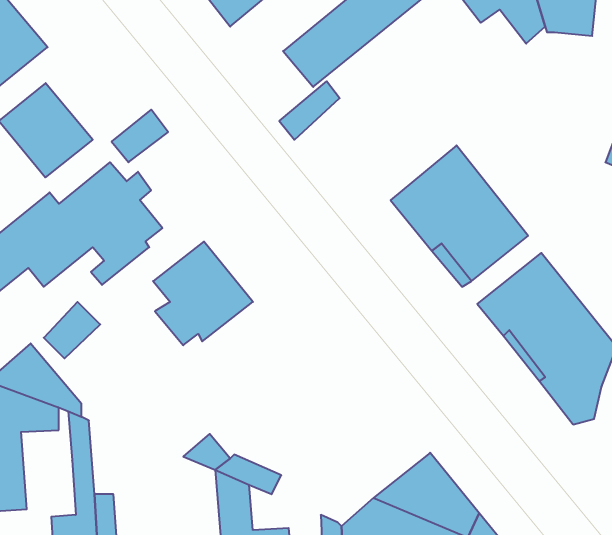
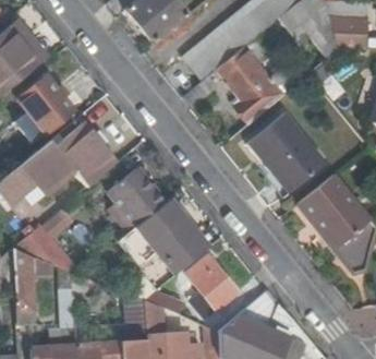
building: none -> [218,47,291,121]
building: none -> [120,199,209,274]
building: none -> [189,256,240,320]

